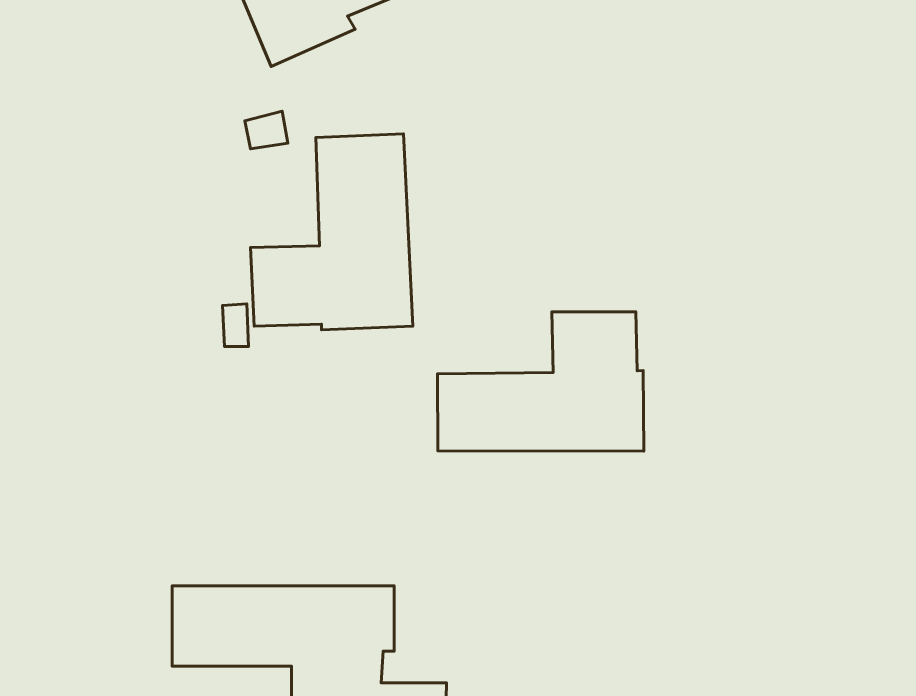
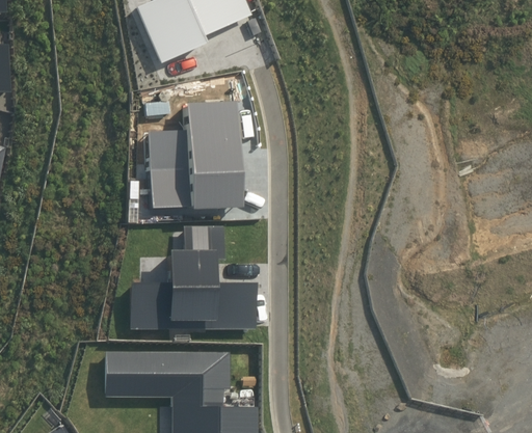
building: [437,312,644,451] -> none
building: none -> [131,225,257,329]

